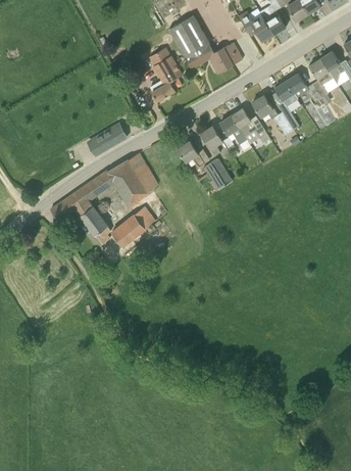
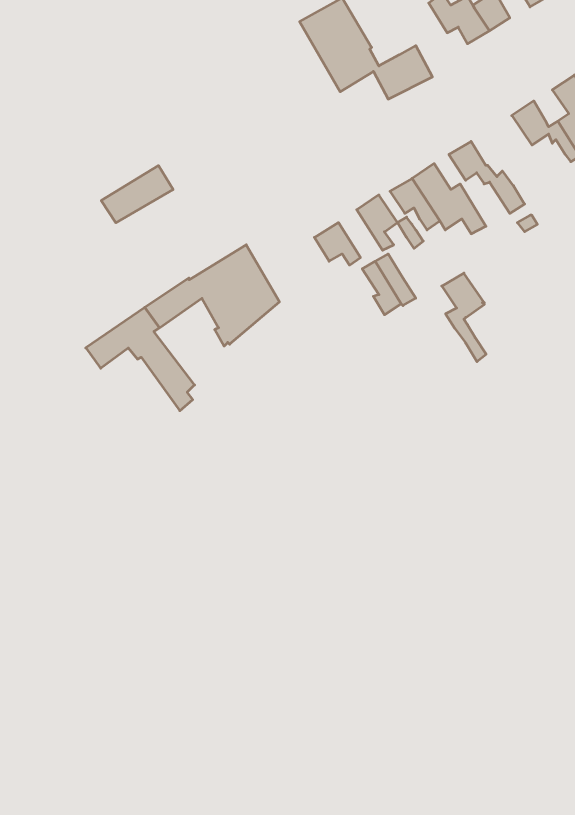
building: [149,48,182,101] -> none
building: [273,81,298,130] -> [442,273,486,362]
building: [87,124,127,155] -> [101,166,173,223]
building: [111,206,154,246] -> none

